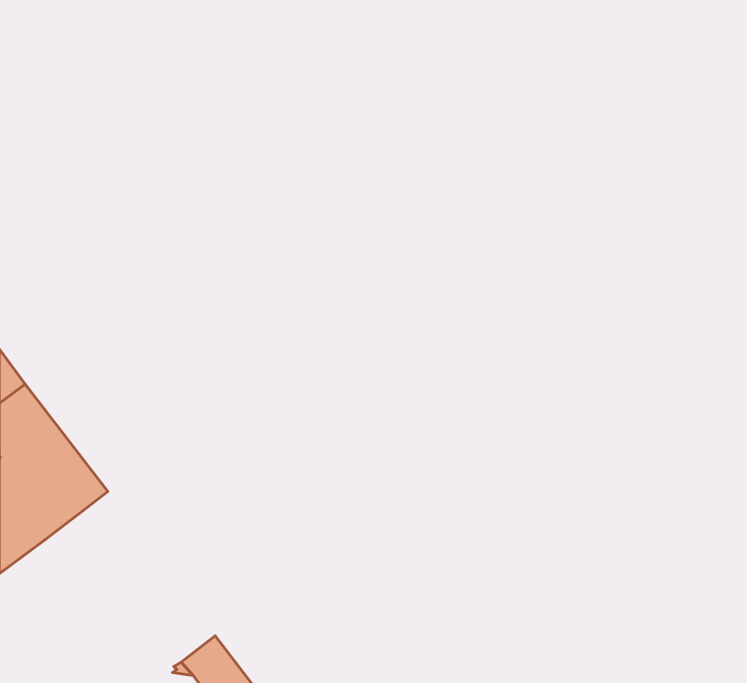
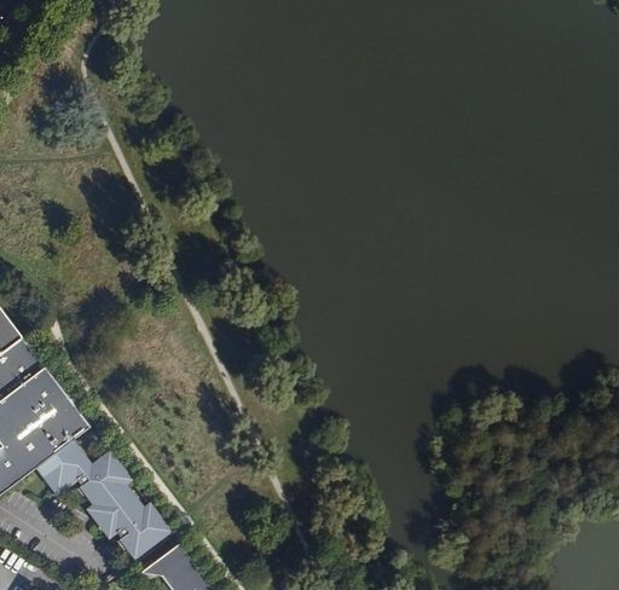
building: none -> [37,441,166,555]

